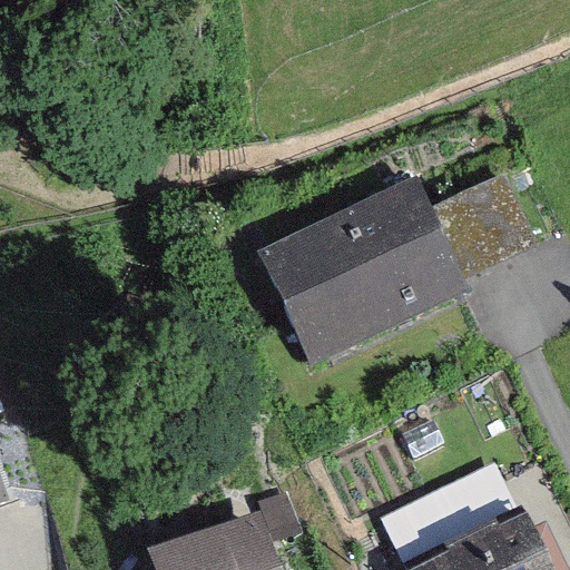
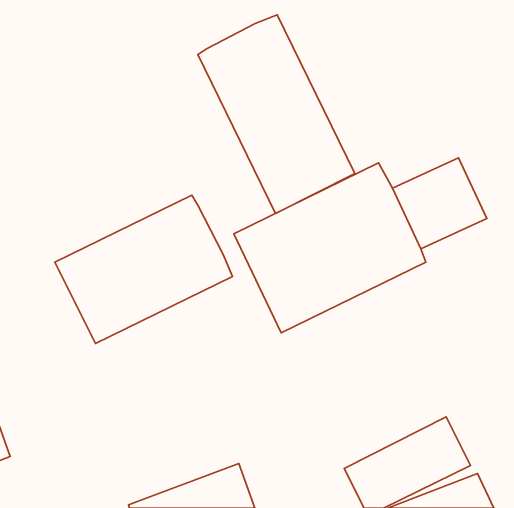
building: none -> [198,15,355,213]
building: none -> [55,195,232,344]

